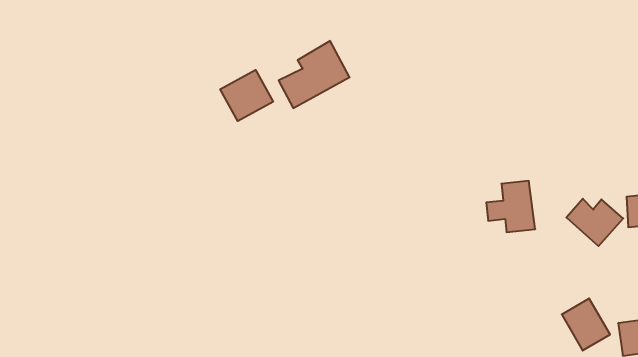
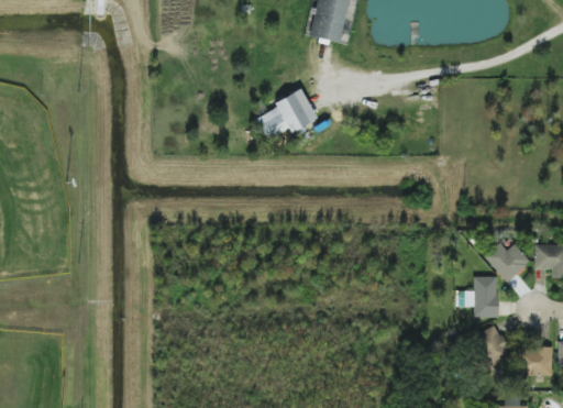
building: [220,70,273,121] -> none
building: [486,181,535,232] -> [460,276,498,317]

